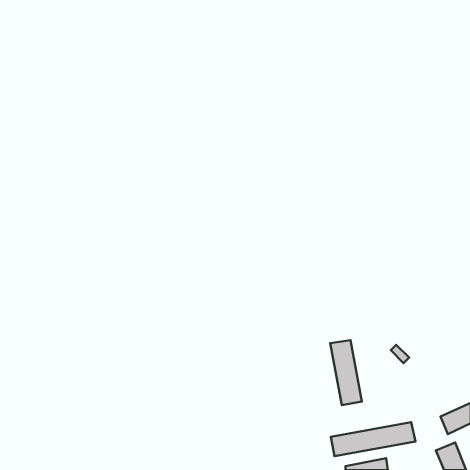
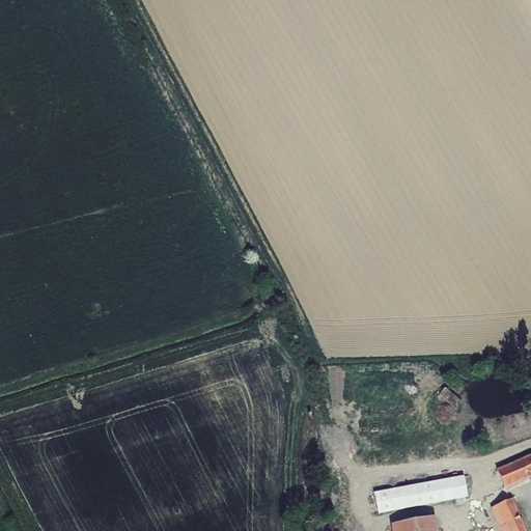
building: [330,340,362,405] -> none

